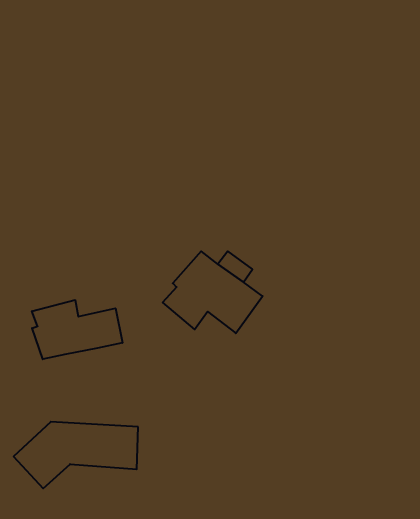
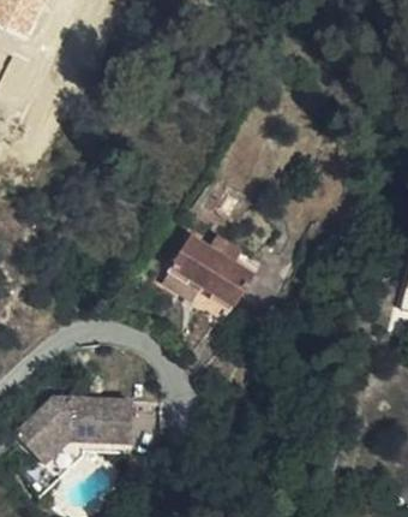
building: [32,300,122,359] -> none

